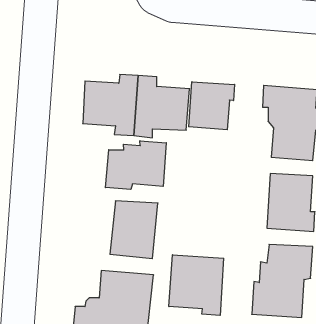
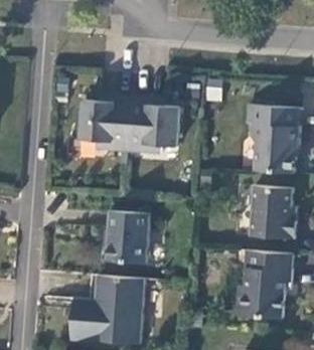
building: [189,82,235,130] -> none
building: [105,141,166,189] -> none
building: [169,255,224,315] -> none

